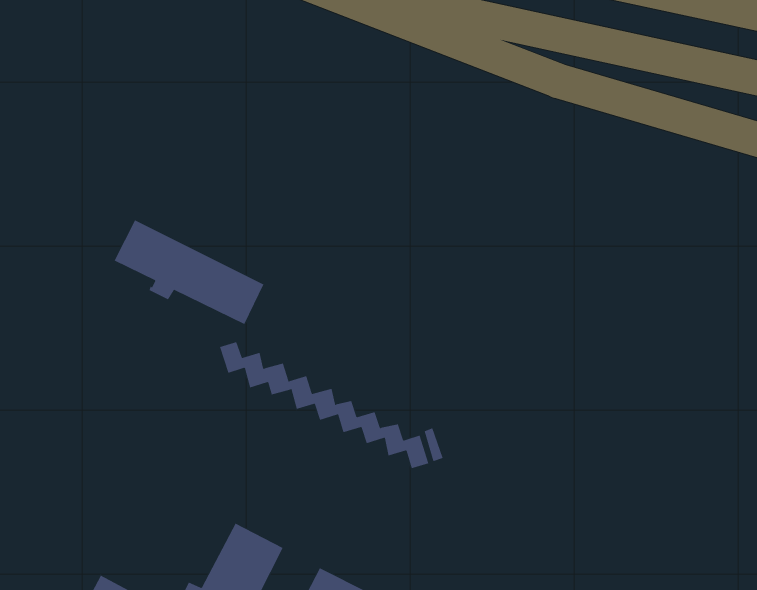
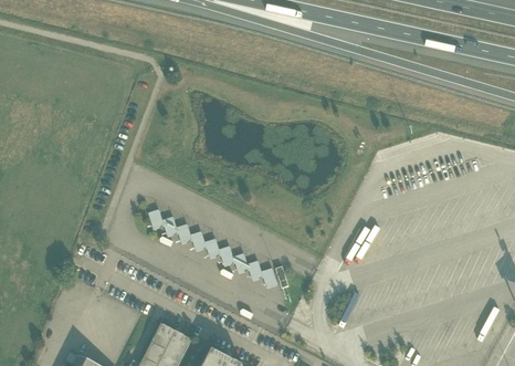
building: [114,220,264,325] -> none

